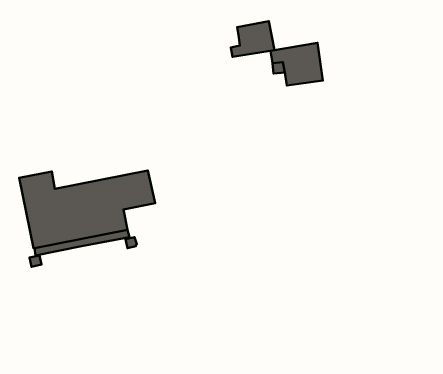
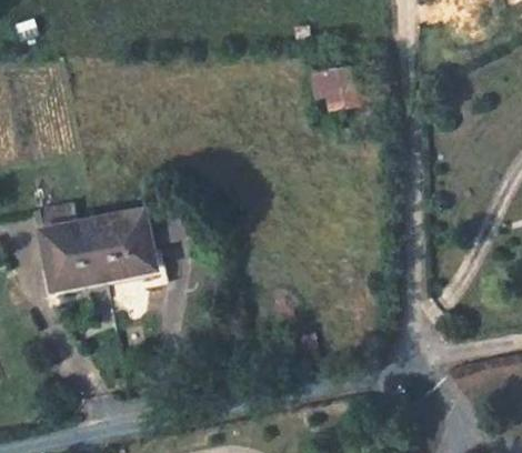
building: [231,21,275,57] -> none

